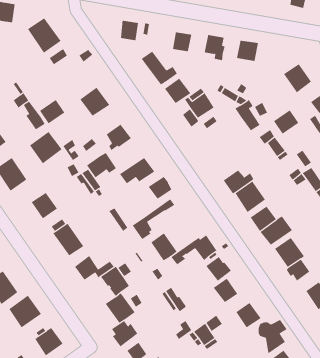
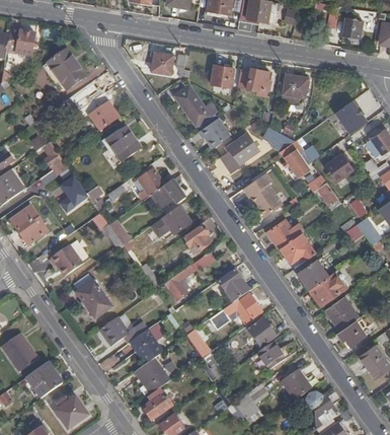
building: [39,99,65,124] -> [89,100,119,129]
building: none -> [245,176,284,216]
building: [86,152,117,178] -> [151,179,185,209]
building: [151,232,178,261] -> [219,269,249,301]

